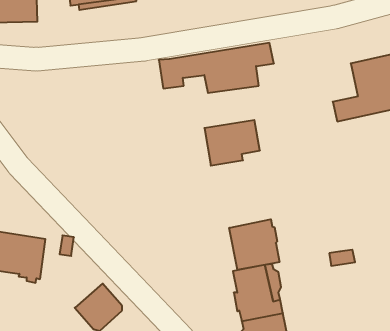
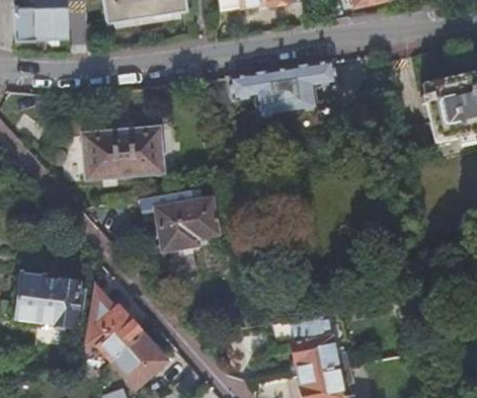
building: none -> [84,129,163,176]
building: [204,120,260,166] -> [157,196,220,248]
building: [229,219,279,270] -> none
building: none -> [96,309,143,361]

